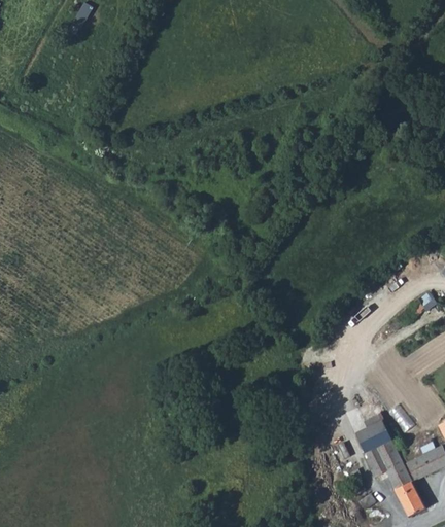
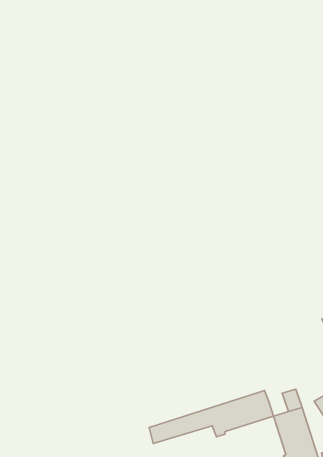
building: none -> [149,390,273,444]

